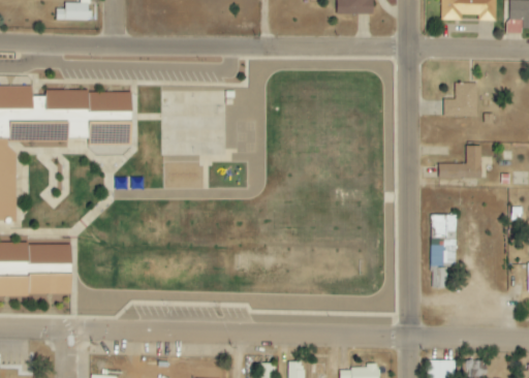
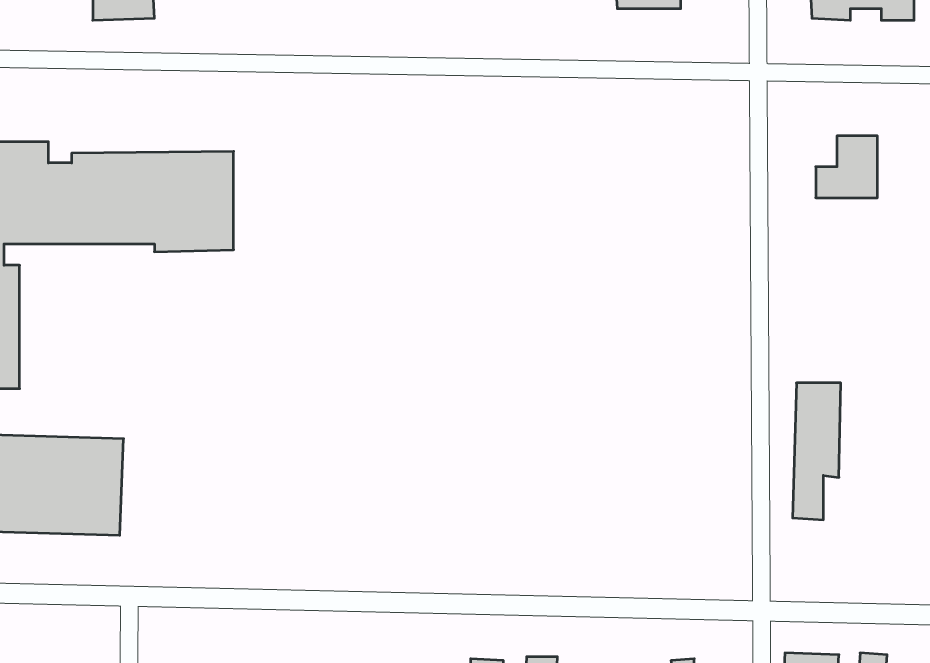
building: [439,146,481,179] -> none

